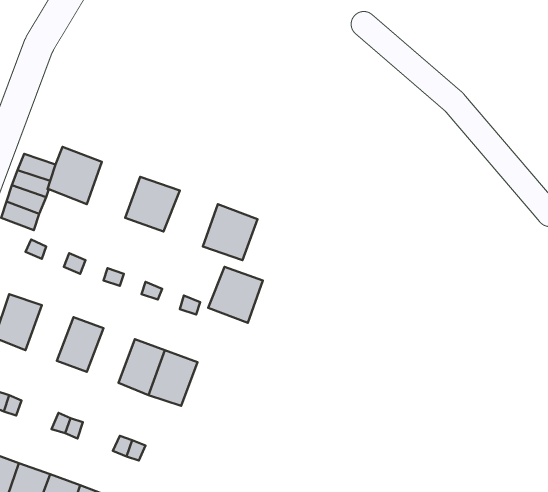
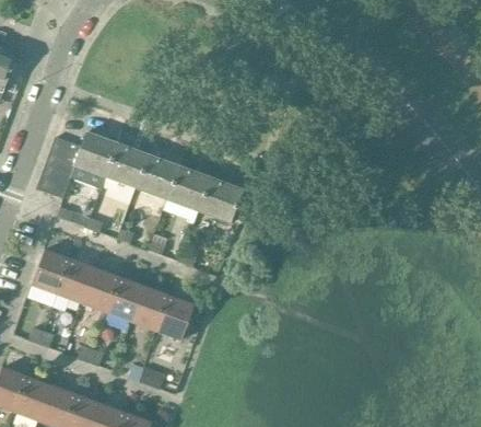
building: none -> [106,143,149,188]
building: [208,267,263,323] -> [167,166,211,211]
building: none -> [57,258,95,303]
building: none -> [106,277,144,321]

